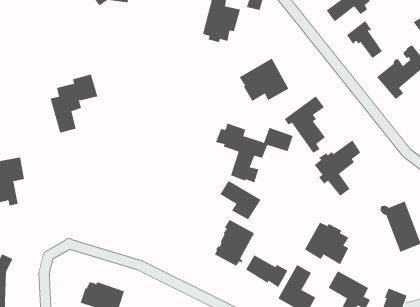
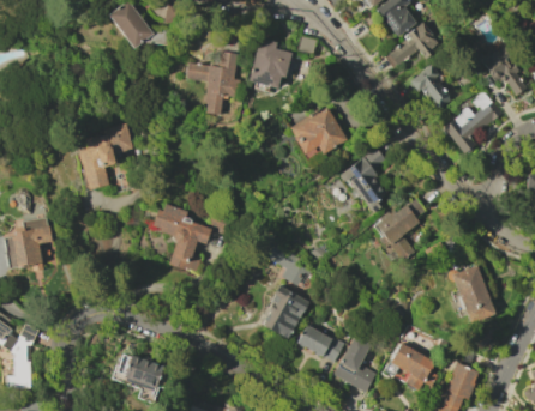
building: none -> [187,52,241,115]
building: [215,123,294,183] -> [152,204,240,271]
building: [304,222,349,265] -> none

